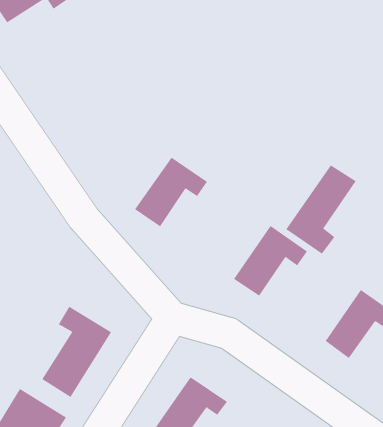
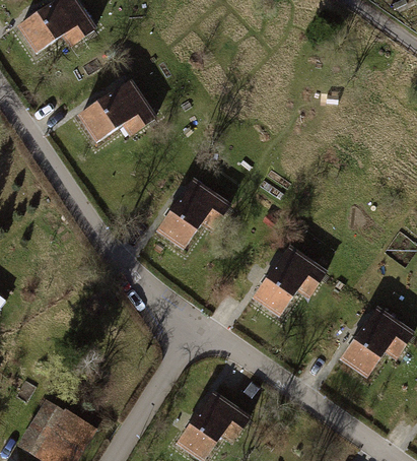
building: none -> [79,82,154,140]
building: [285,164,356,255] -> none
building: [42,306,112,398] -> none

